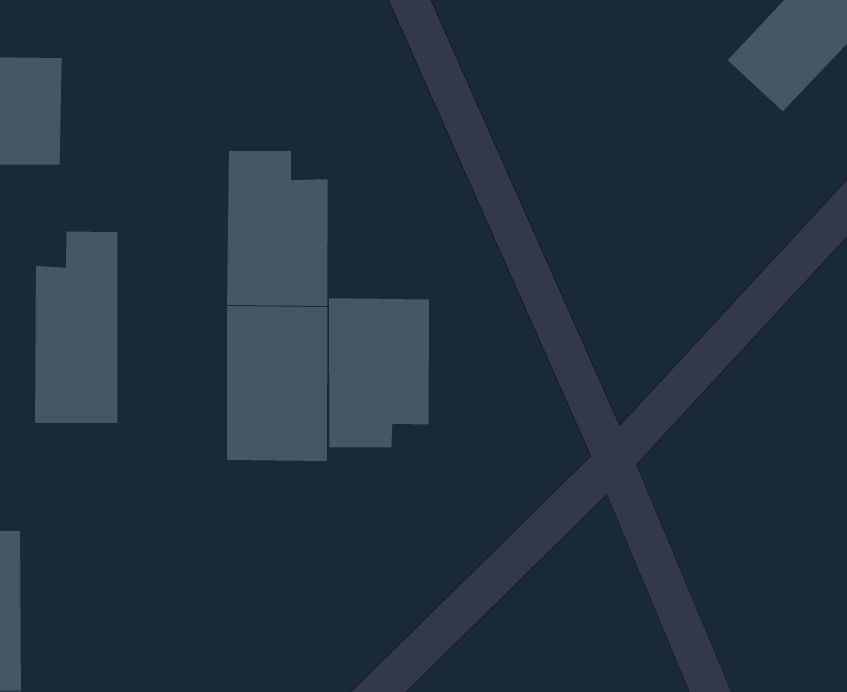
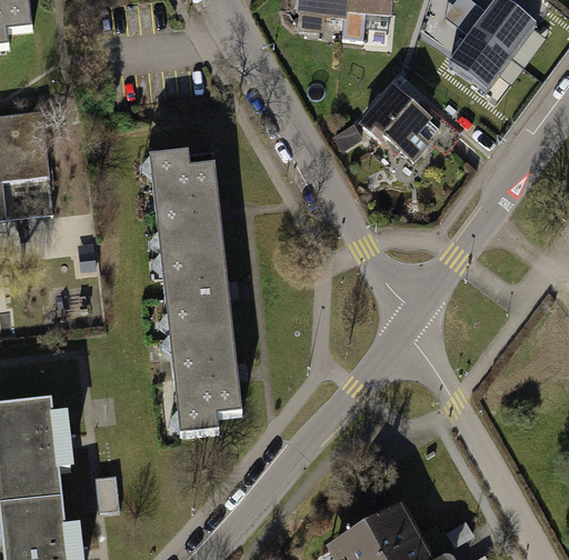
building: none -> [363,84,430,150]
building: [35,231,118,424] -> none
building: [328,298,430,448] -> [171,339,242,437]

